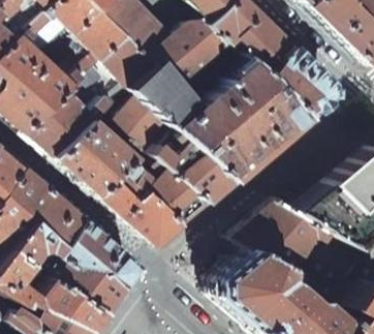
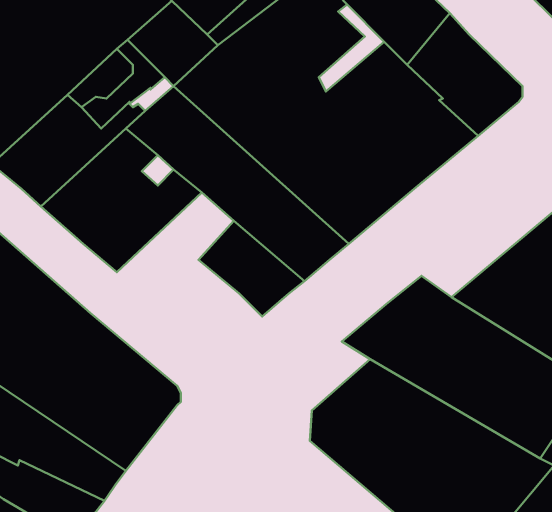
building: [98,147,183,242] -> none

